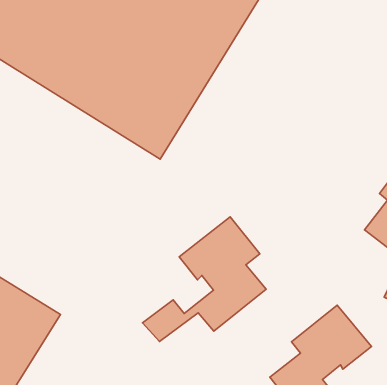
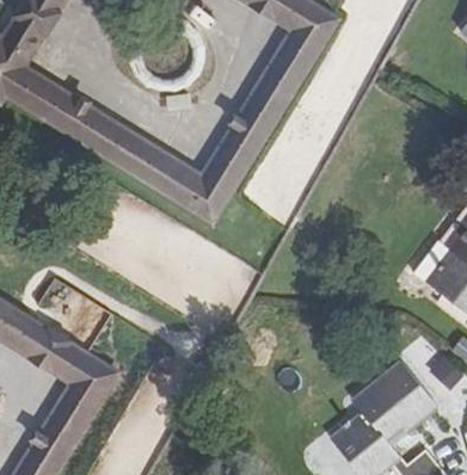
building: [143,217,266,341] -> none

